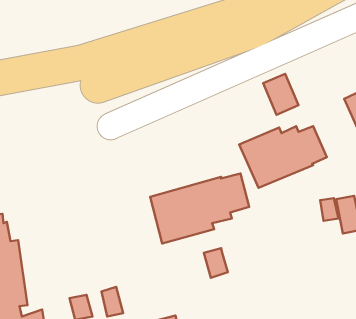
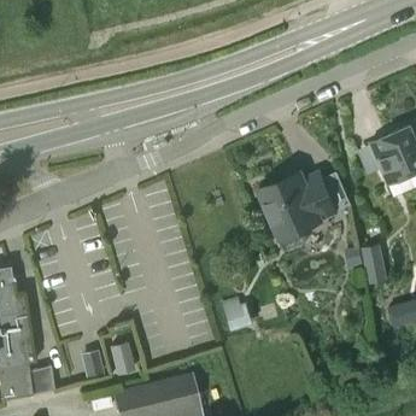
building: [263,74,299,115] -> none
building: [150,174,249,243] -> none

